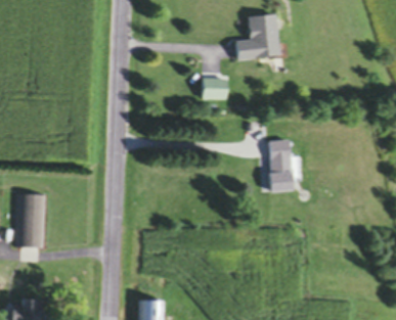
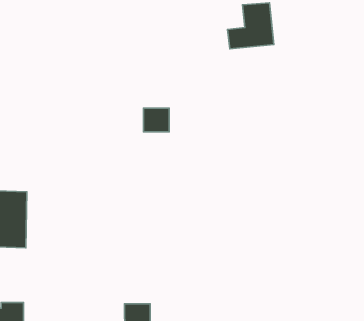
building: [204,77,228,99] -> [144,108,169,132]
building: [270,137,295,190] -> none

